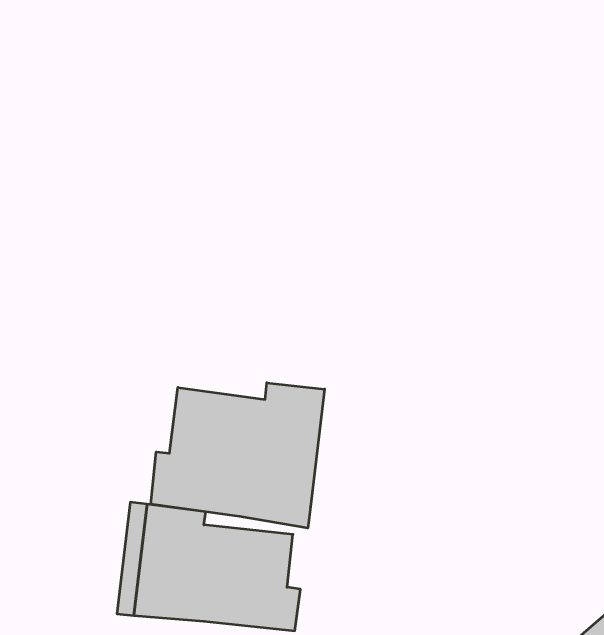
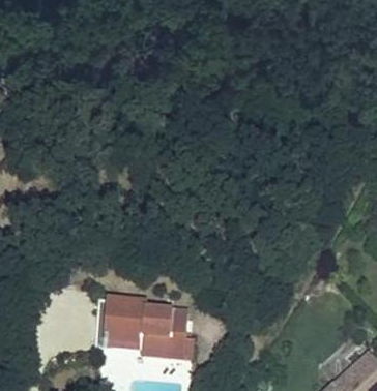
building: [151,383,325,528] -> none

